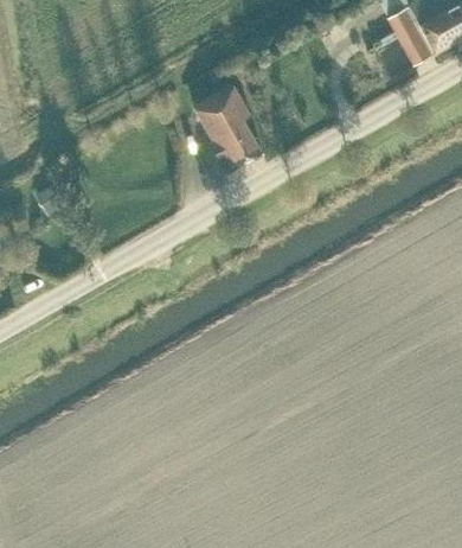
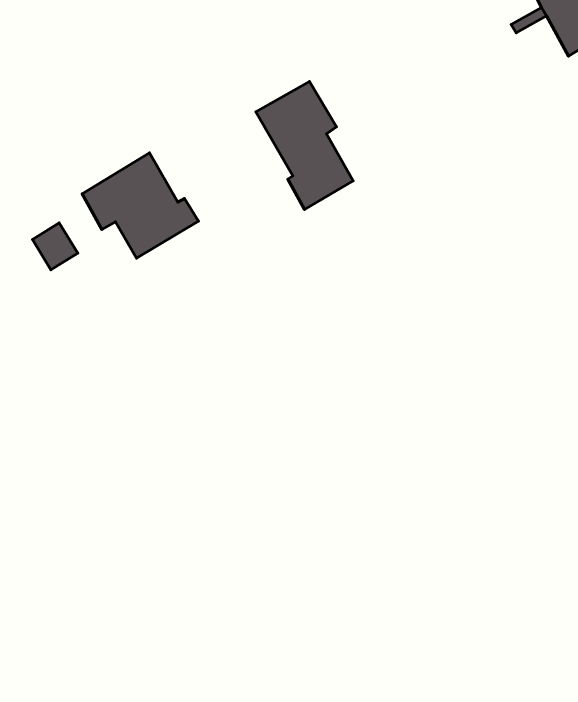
building: none -> [82,153,198,258]

